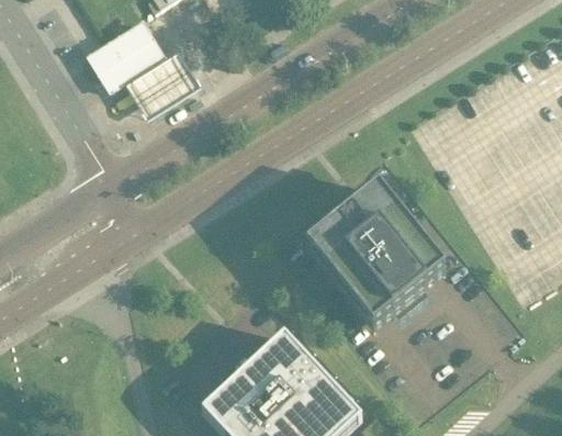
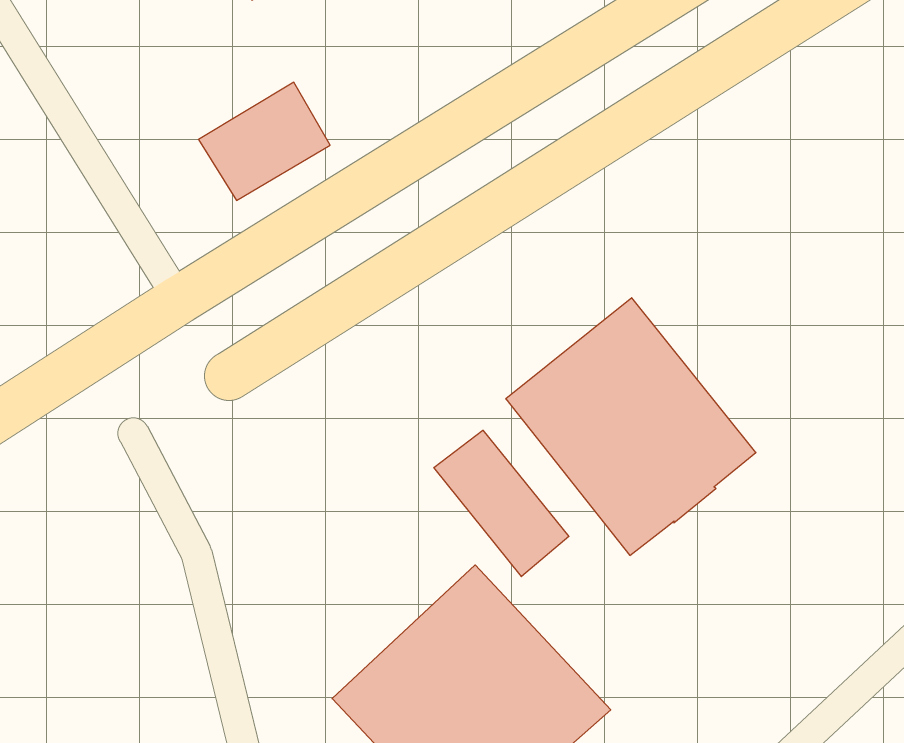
building: [90,18,164,87] -> none
building: none -> [434,430,569,577]

